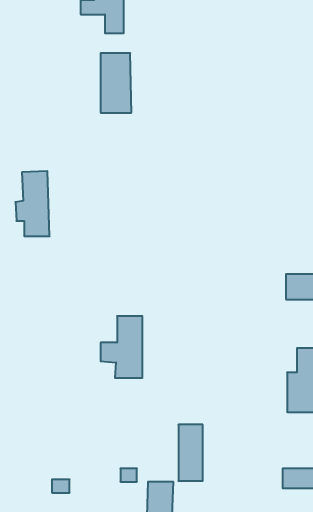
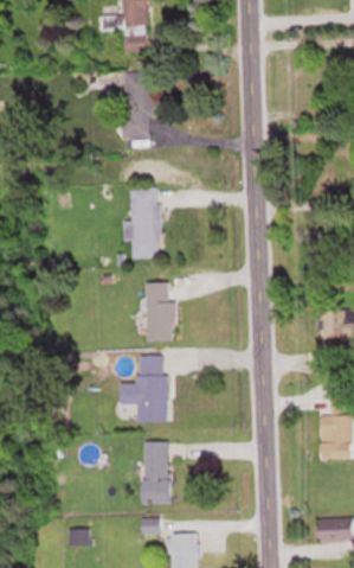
building: [15,171,50,236] -> [123,187,160,257]
building: none -> [147,282,173,340]
building: [178,425,203,481] -> [143,442,169,503]

